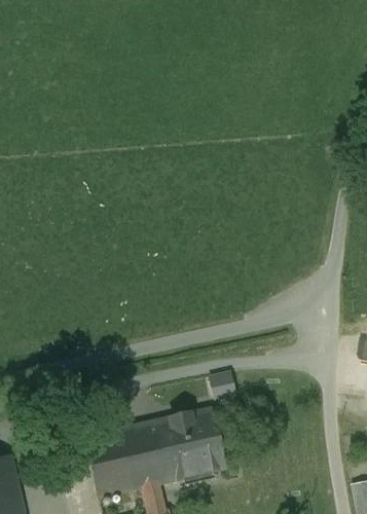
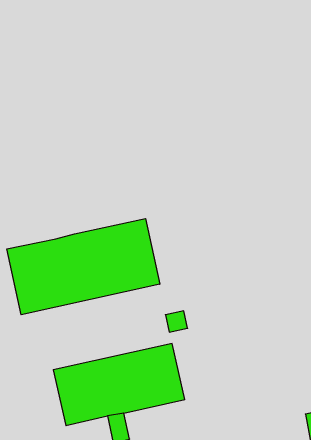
building: none -> [7,219,160,315]

